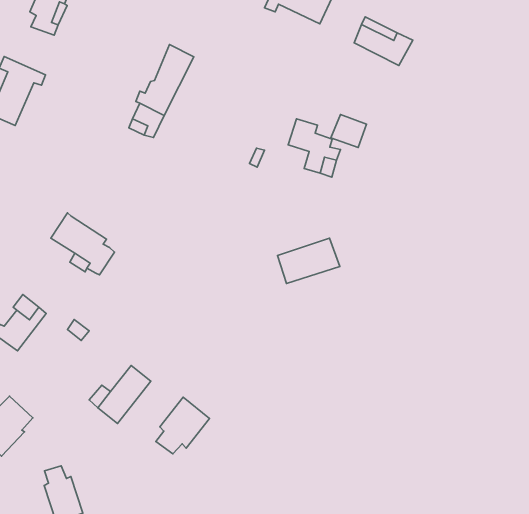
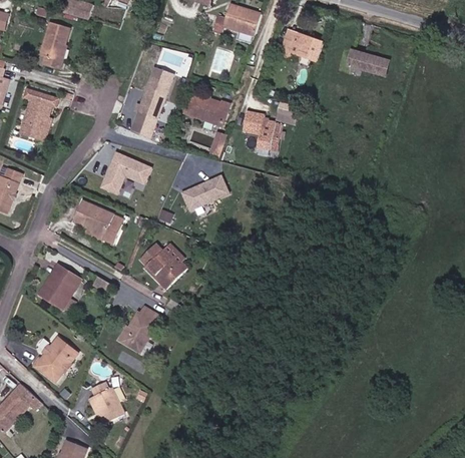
building: none -> [348,48,386,73]
building: none -> [187,89,230,123]
building: none -> [96,152,147,194]
building: [278,238,340,283] -> [178,175,225,212]
building: none -> [141,242,188,288]
building: [156,397,209,454] -> none

